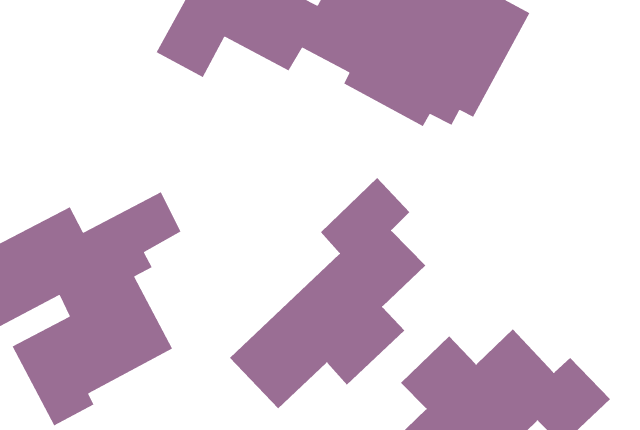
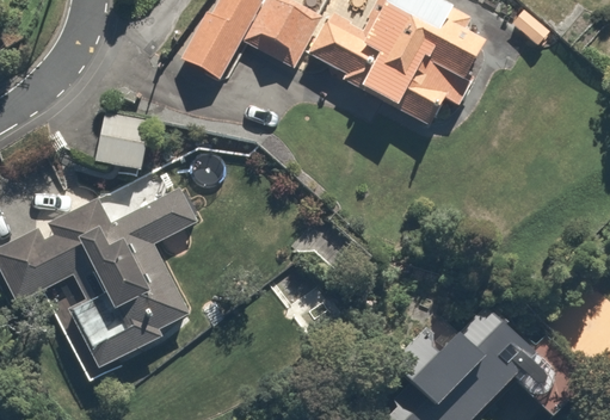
building: none -> [94,118,146,173]
building: [229,177,426,409] -> none

